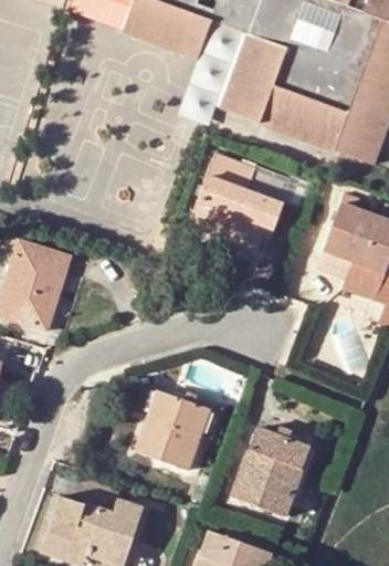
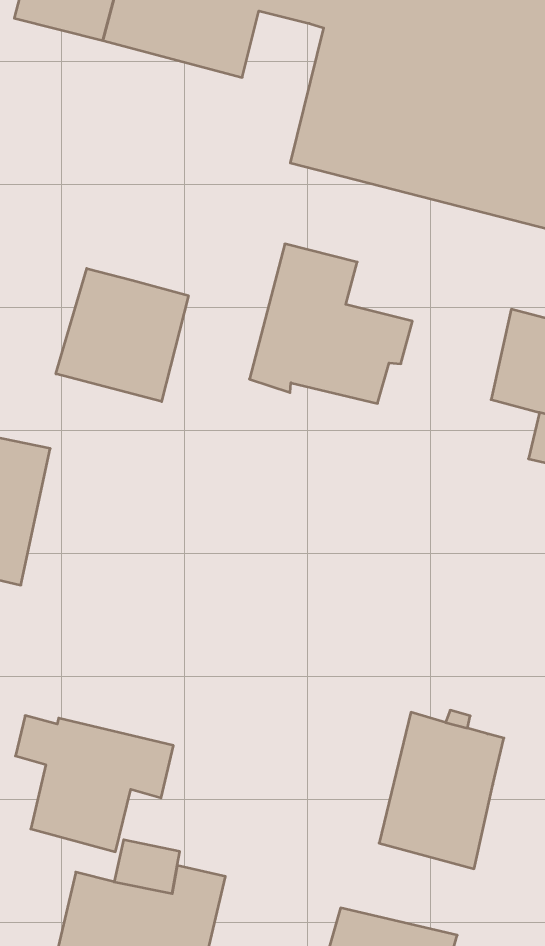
building: none -> [56,268,188,402]
building: [134,387,223,469] -> [15,716,173,852]

